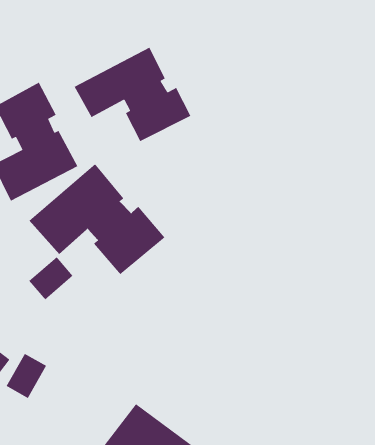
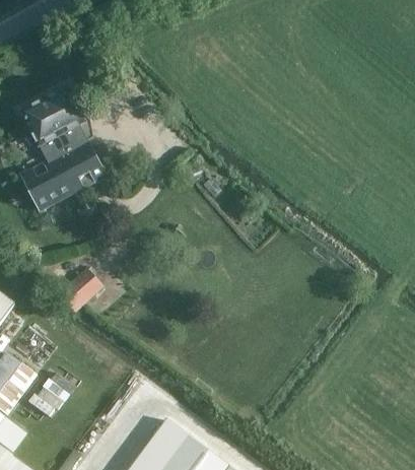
building: [74,47,191,142] -> none
building: [29,163,166,275] -> none

